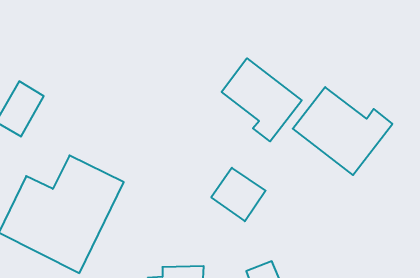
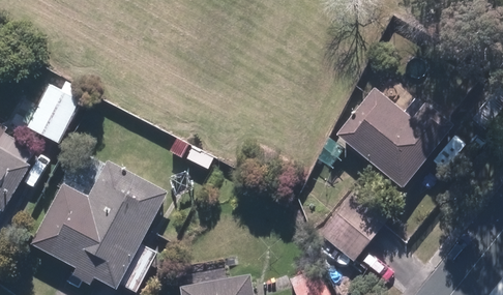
building: [222,58,302,141] -> none
building: [211,168,266,221] -> [323,206,380,262]

